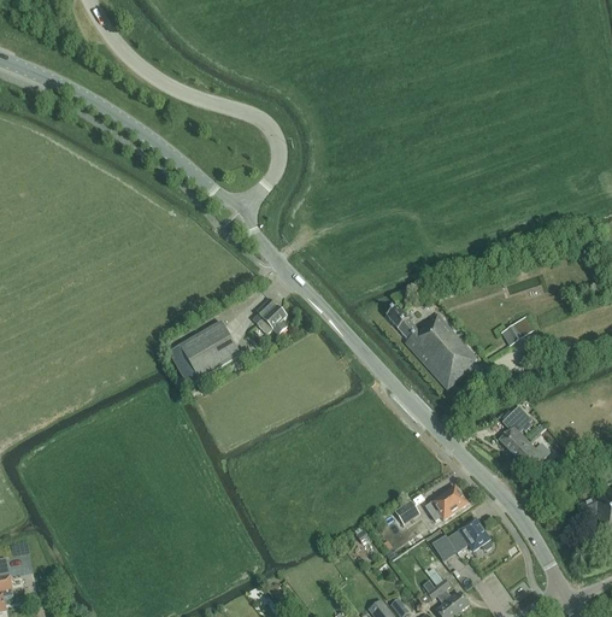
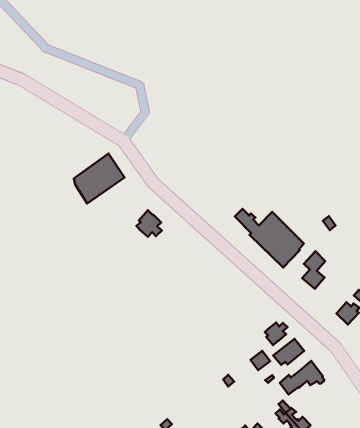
building: [171,321,240,386] -> [74,154,125,203]
building: [498,405,530,456] -> [302,251,325,289]
building: none -> [265,323,287,345]

